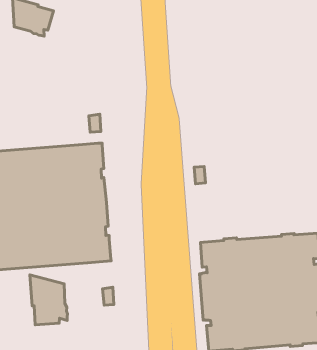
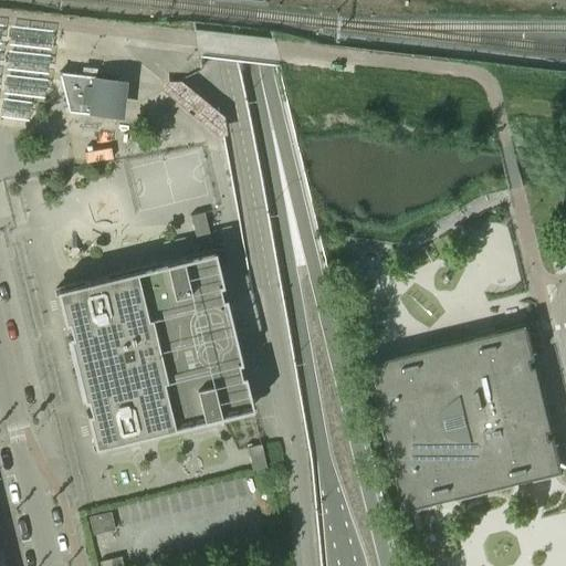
building: [30,275,67,325] -> none

